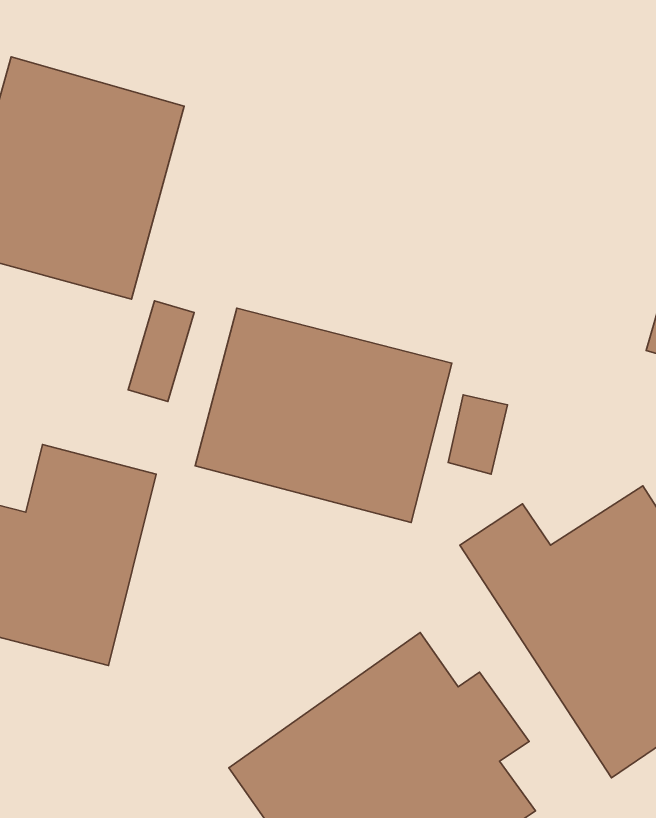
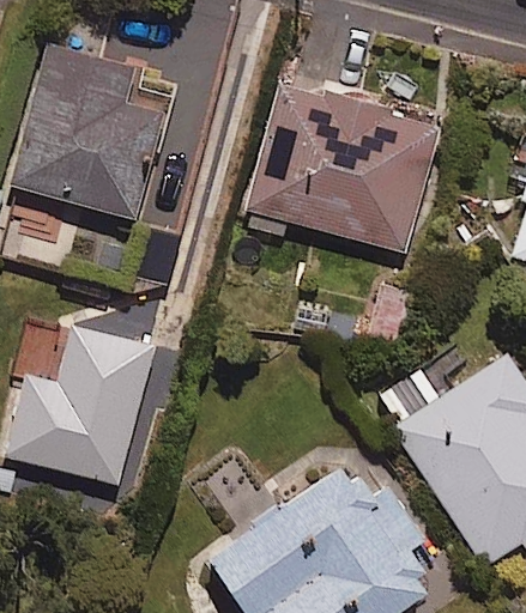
building: none -> [246,84,439,250]
building: [195,308,452,523] -> none

